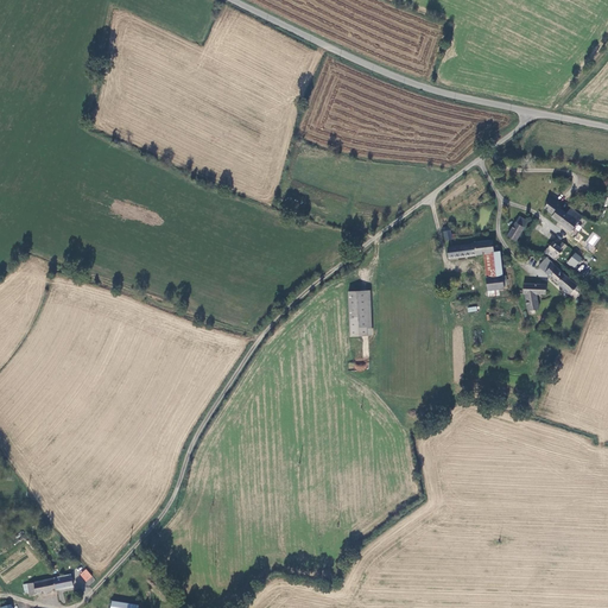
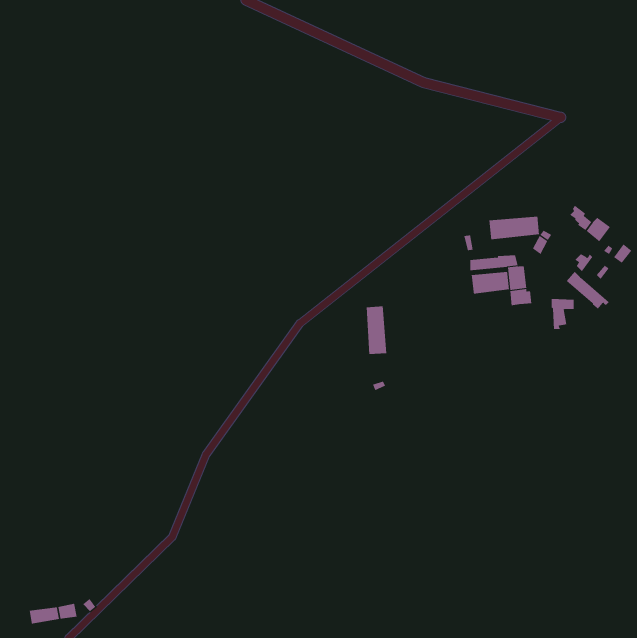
building: none -> [489,216,540,240]
building: none -> [471,271,509,294]

